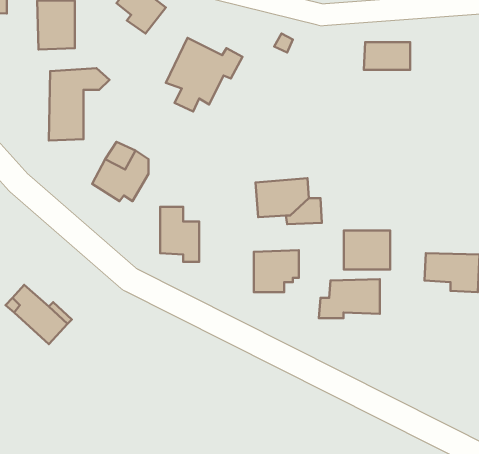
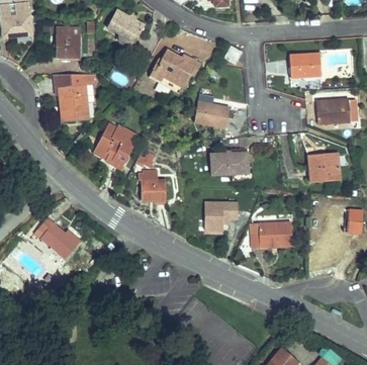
building: none -> [312,97,348,122]
building: none -> [192,100,231,128]
building: [344,231,390,270] -> [307,155,340,182]

